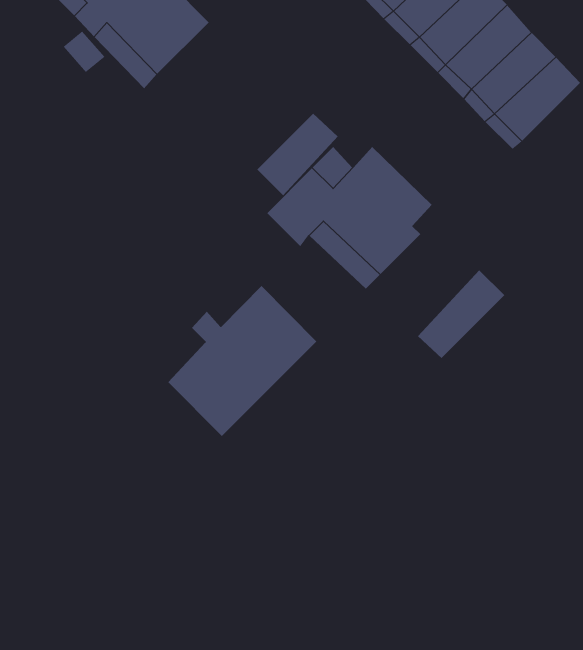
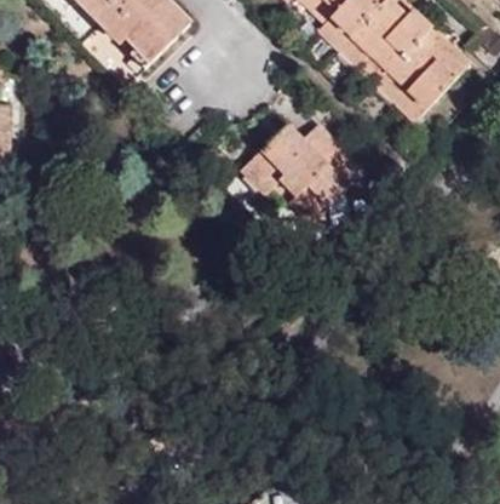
building: [257,113,338,196] -> none
building: [417,269,505,359] -> none
building: [168,285,317,437] -> none

